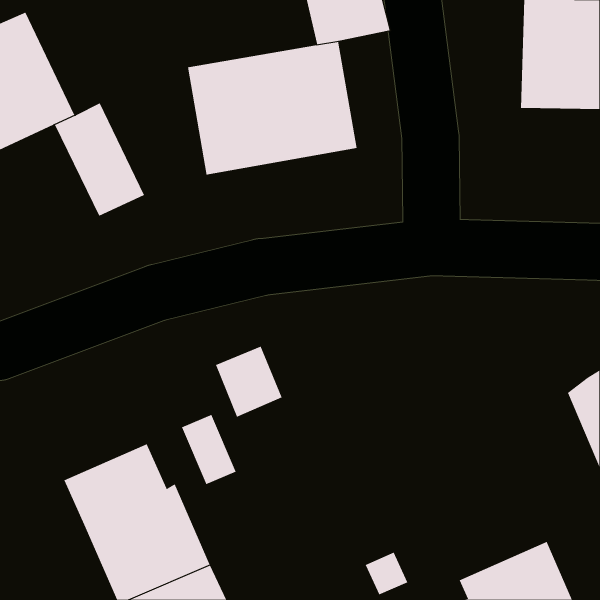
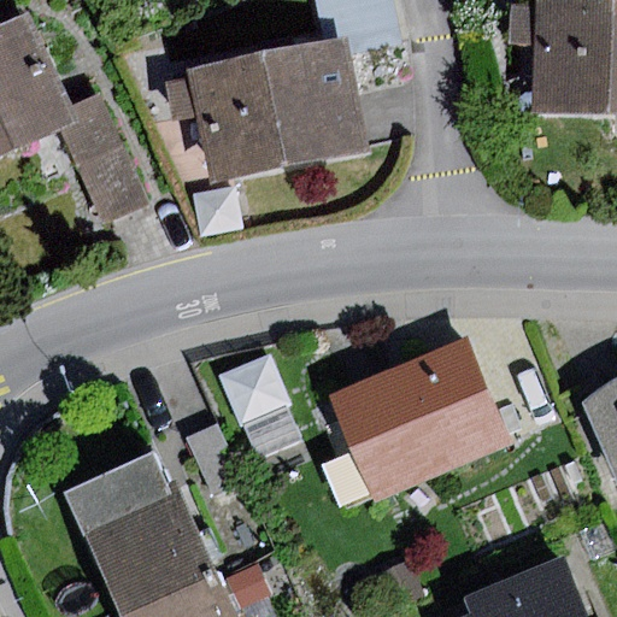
building: none -> [328,340,505,498]

